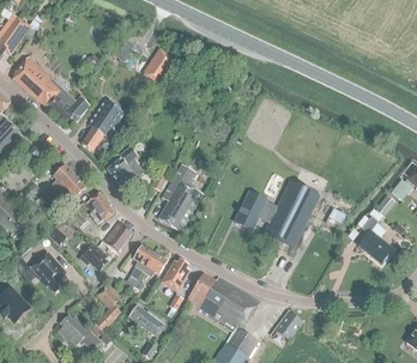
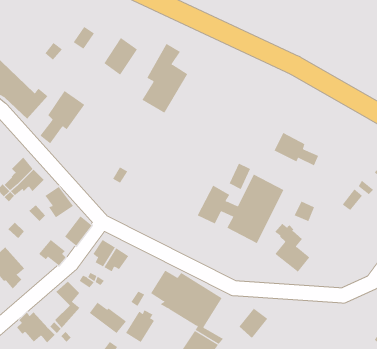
building: none -> [274,132,319,166]
building: [107,145,141,188] -> none
building: [157,163,203,231] -> [142,43,188,113]
building: [357,214,392,262] -> [275,223,310,272]
building: [161,259,189,291] -> [125,310,155,343]

